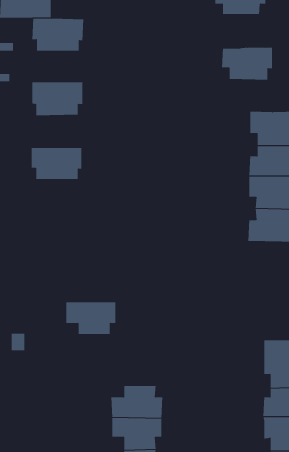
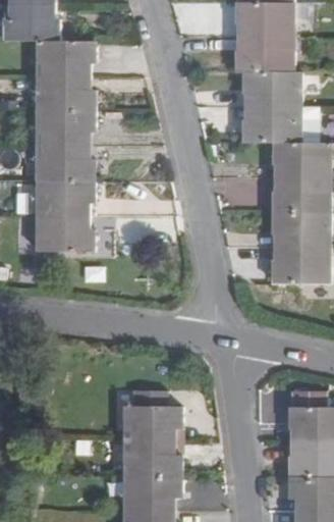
building: none -> [236,37,292,73]
building: none -> [38,76,94,110]
building: none -> [242,107,299,143]
building: none -> [37,146,94,181]
building: none -> [37,216,93,253]
building: [65,302,116,335] -> [124,405,179,440]

